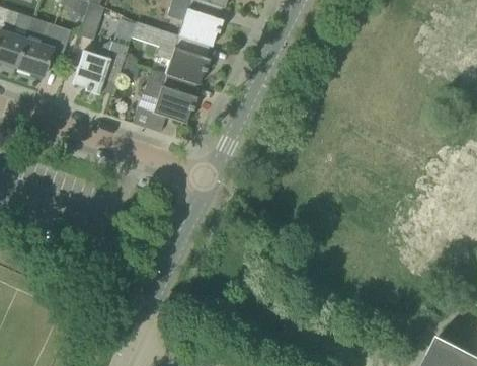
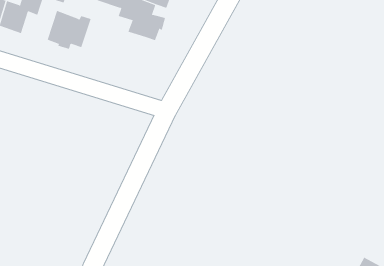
building: [133,69,197,132] -> none

